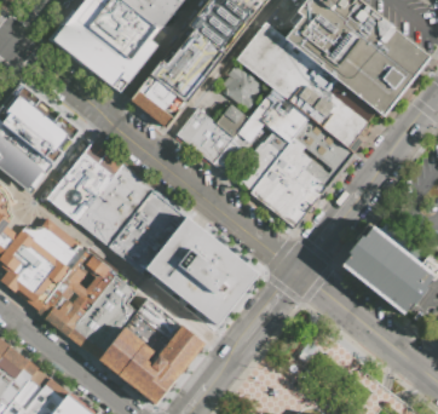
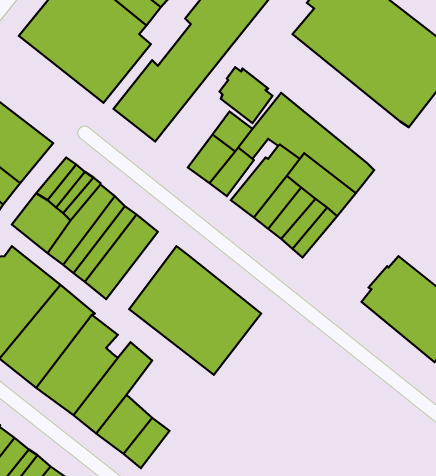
building: [238,24,374,146] -> none
building: [177,108,215,150] -> none
building: [126,205,185,274] -> none
building: [143,314,203,373] -> none

